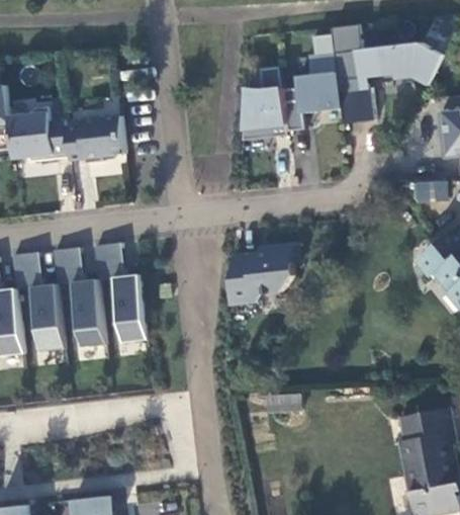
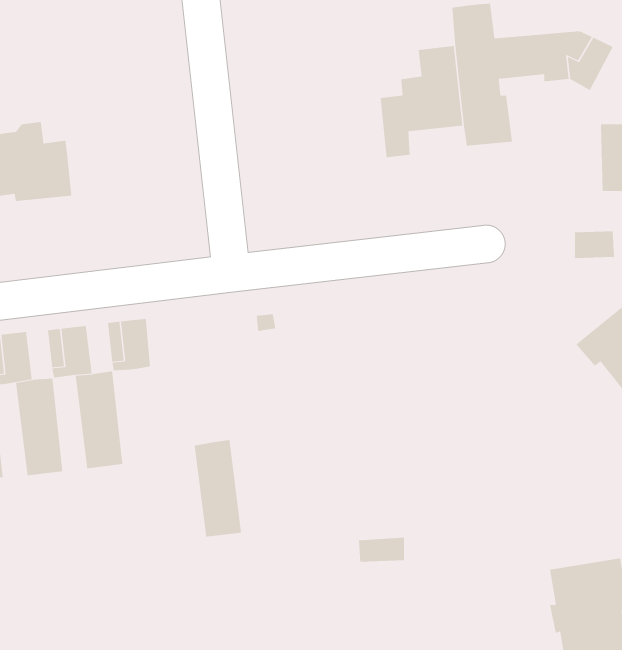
building: [242,65,287,139] -> none
building: [66,114,124,162] -> none
building: [227,242,297,304] -> none
building: [112,273,146,341] -> [194,440,242,537]

